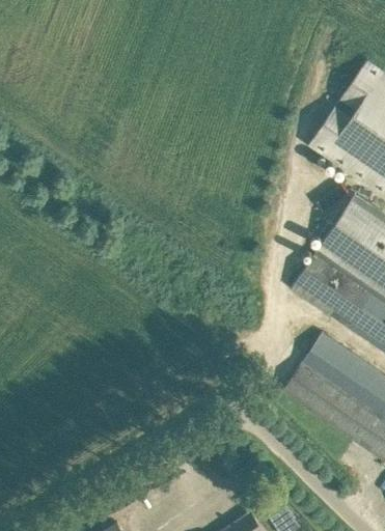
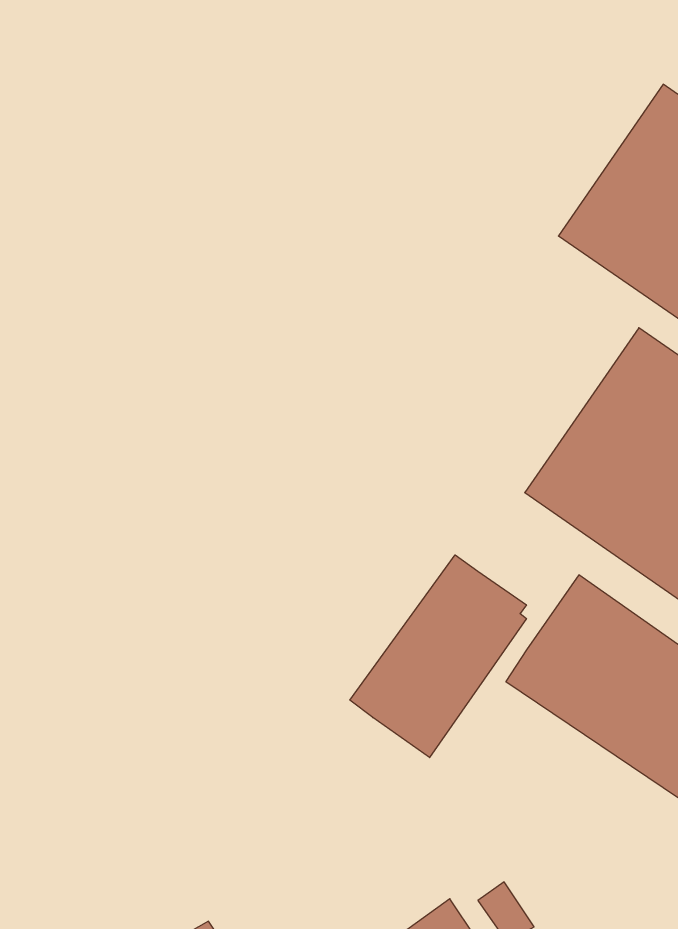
building: none -> [350,555,526,758]

